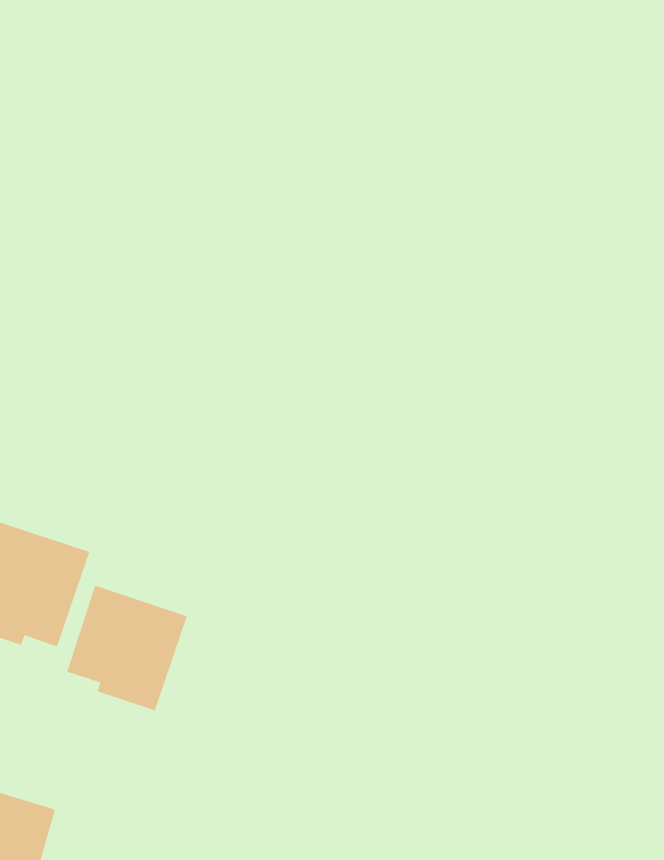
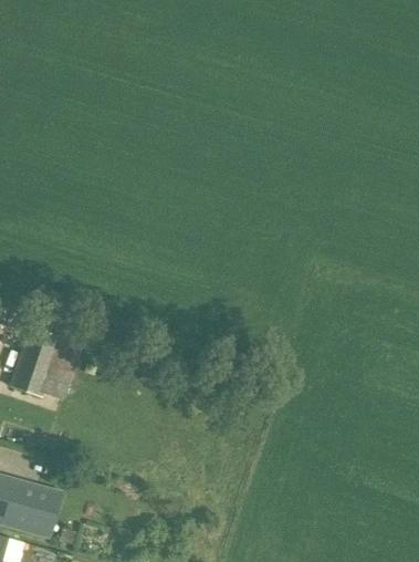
building: [66,585,188,711] -> none

